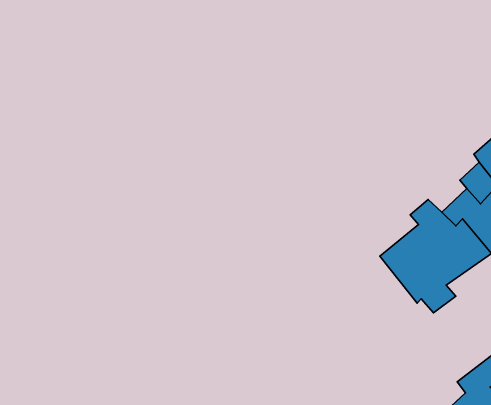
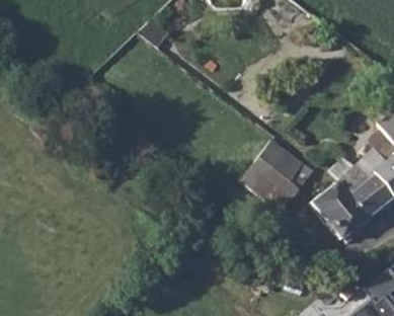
building: none -> [244,142,312,208]

